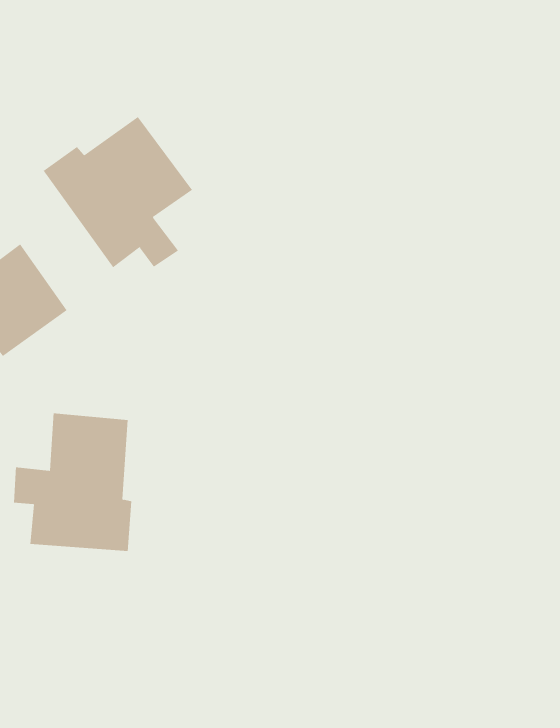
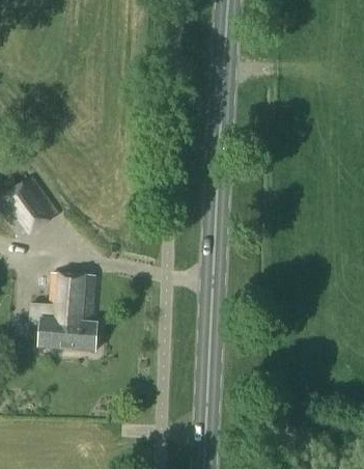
building: [43,116,193,268] -> none

